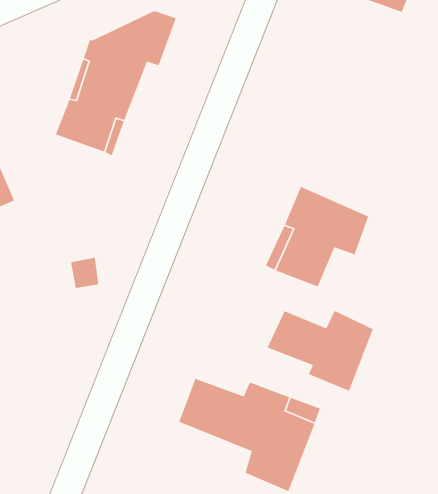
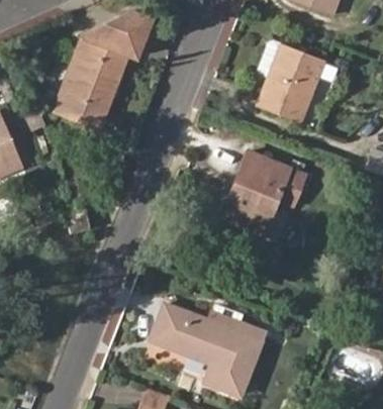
building: none -> [260,41,324,122]
building: [267,310,374,392] -> none

